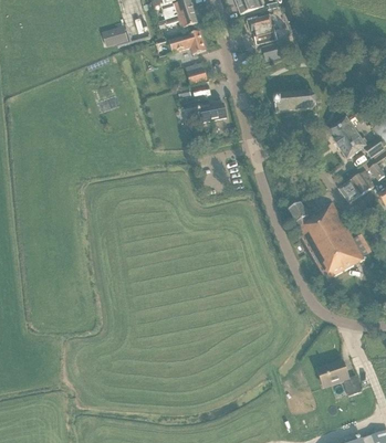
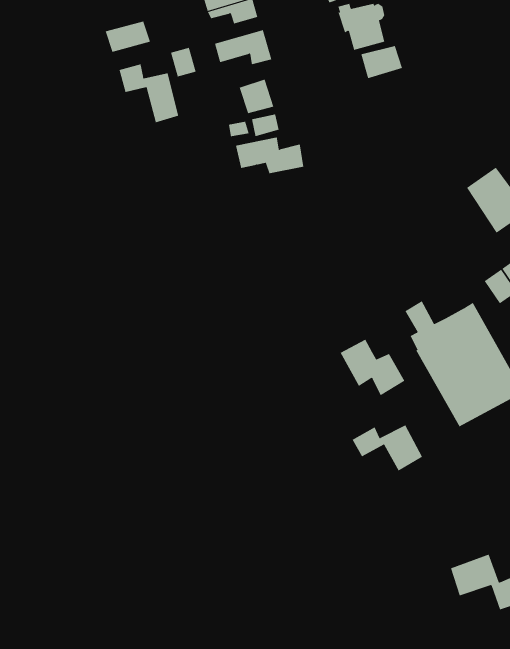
building: none -> [119,63,179,123]
building: [273,91,315,112] -> none
building: none -> [340,339,405,396]
building: none -> [352,424,423,471]

